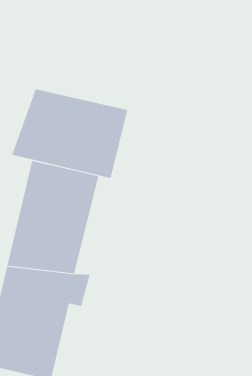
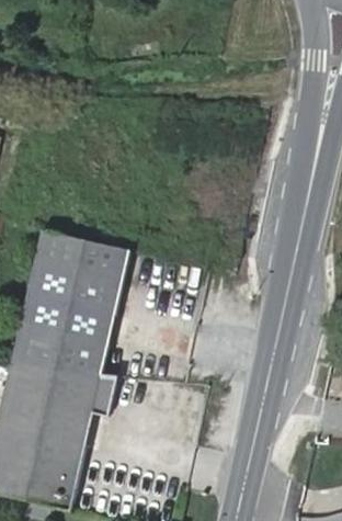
building: [12,89,128,179] -> none

